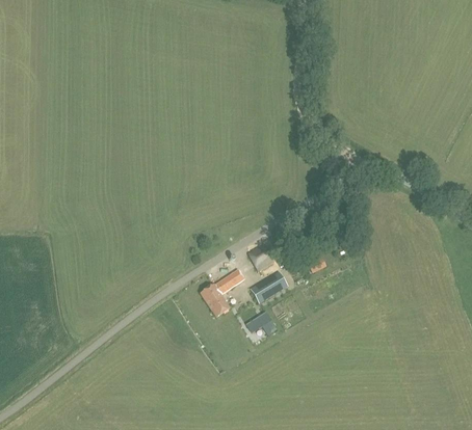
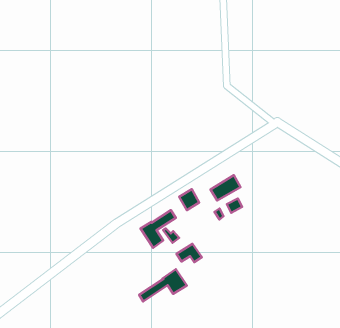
building: [251,271,288,302] -> [210,175,241,200]
building: none -> [139,269,187,301]

